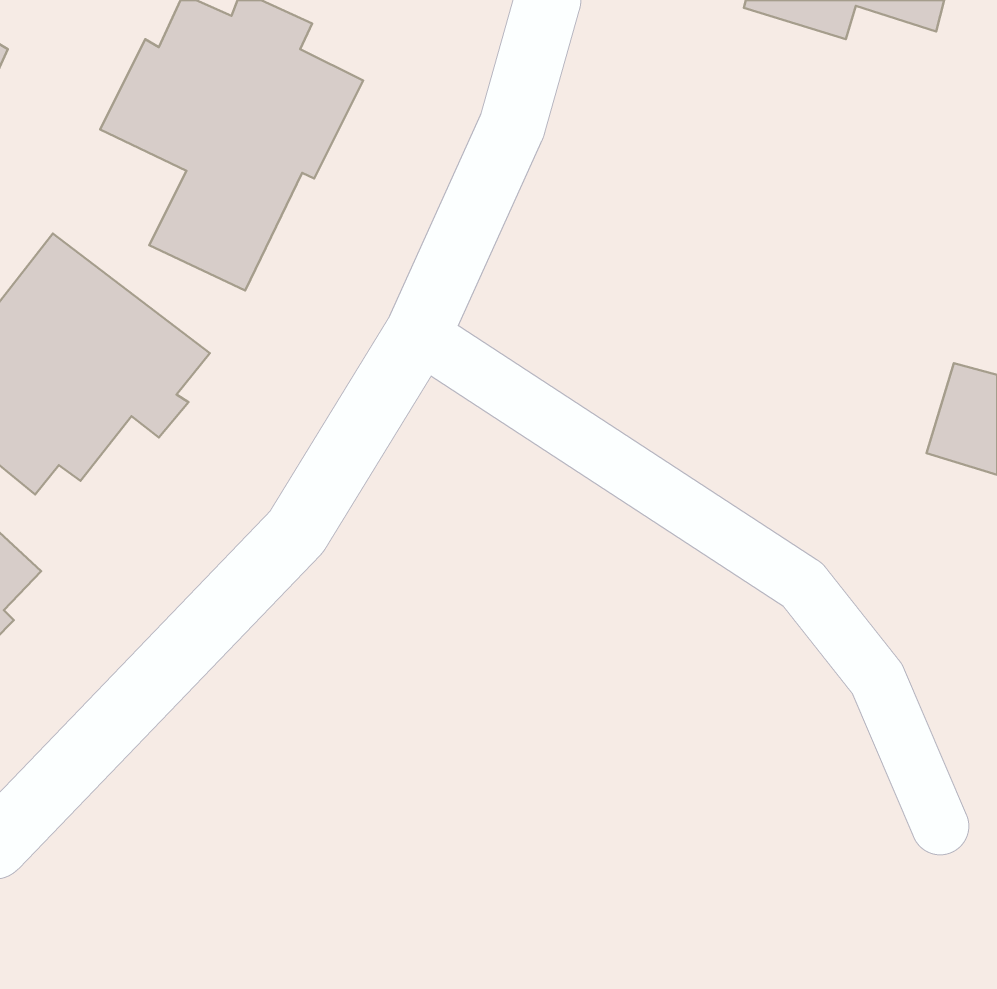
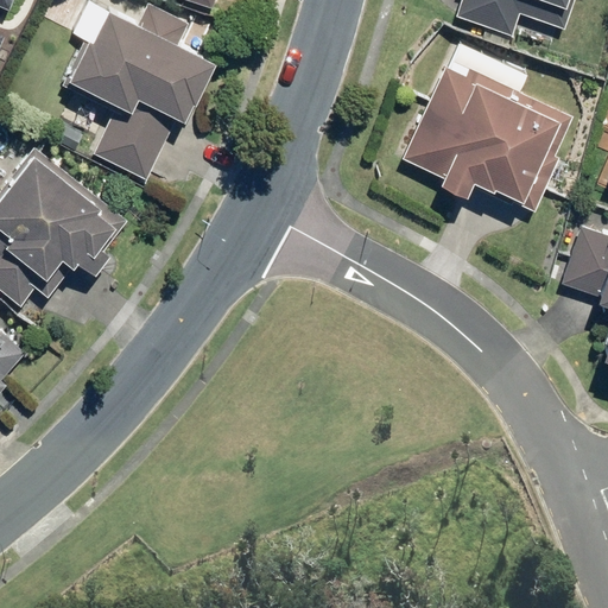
building: none -> [401,62,572,211]

